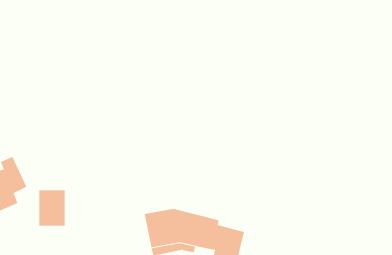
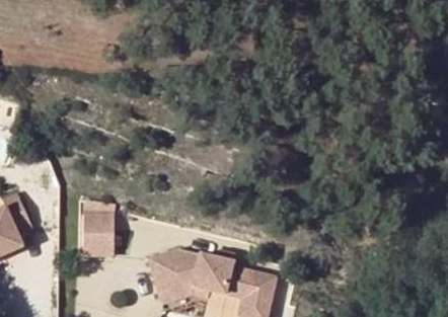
building: [38,190,65,226] -> [83,212,114,252]

